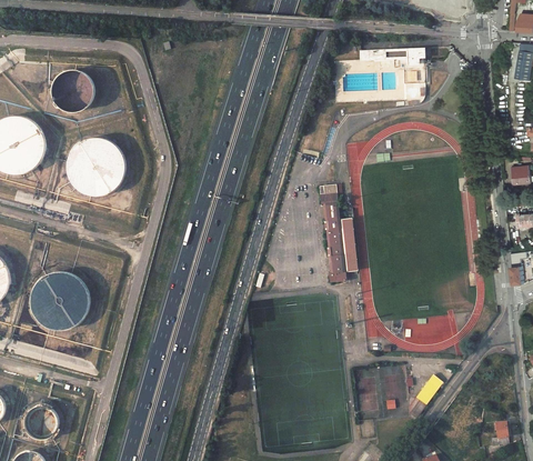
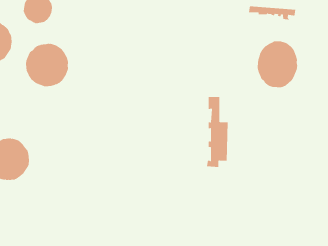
building: none -> [257,41,298,88]

